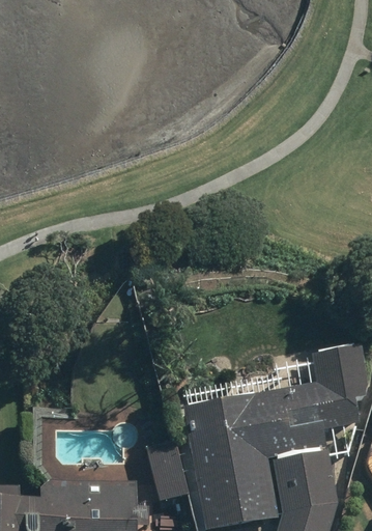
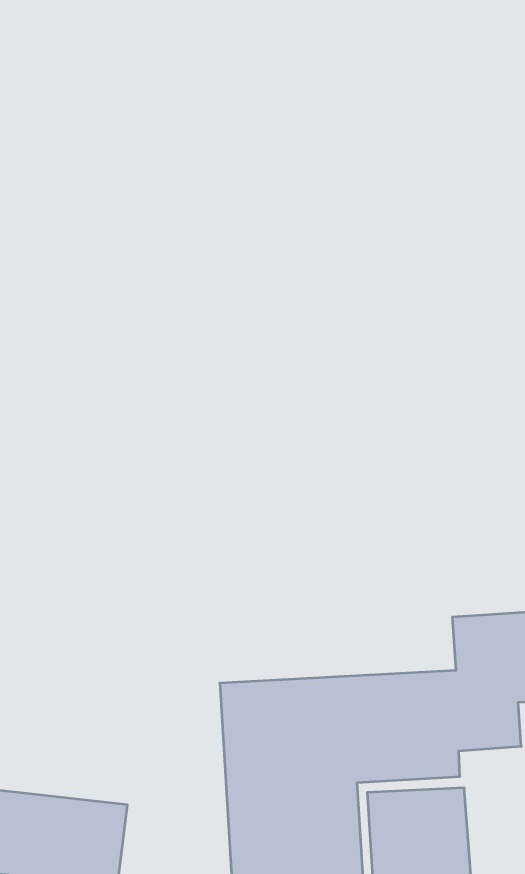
building: [147,442,189,501] -> none

